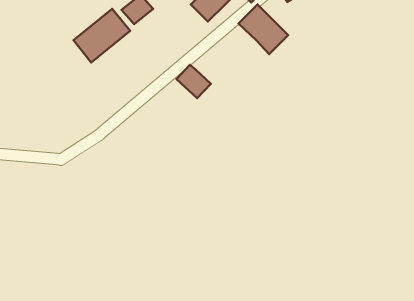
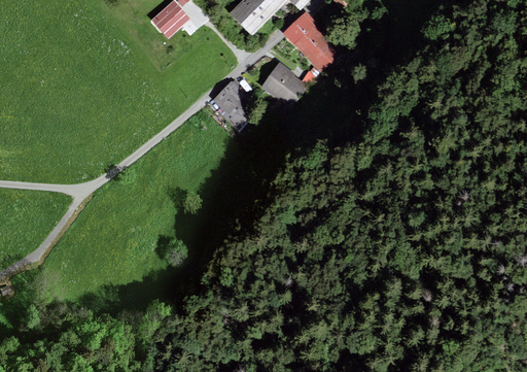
building: [73,9,130,62] -> none
building: none -> [260,65,306,107]

